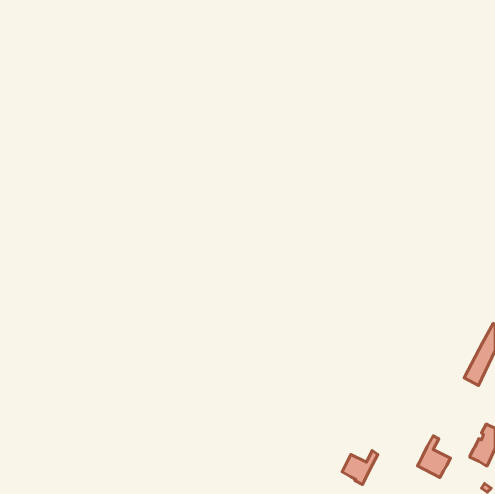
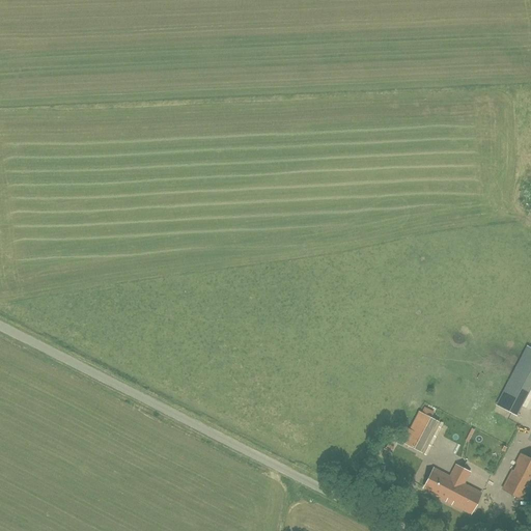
building: none -> [403,411,435,450]
building: [342,451,378,484] -> [425,463,464,499]

